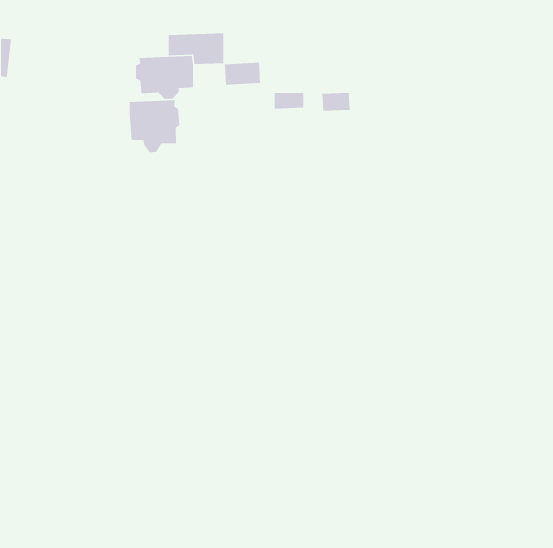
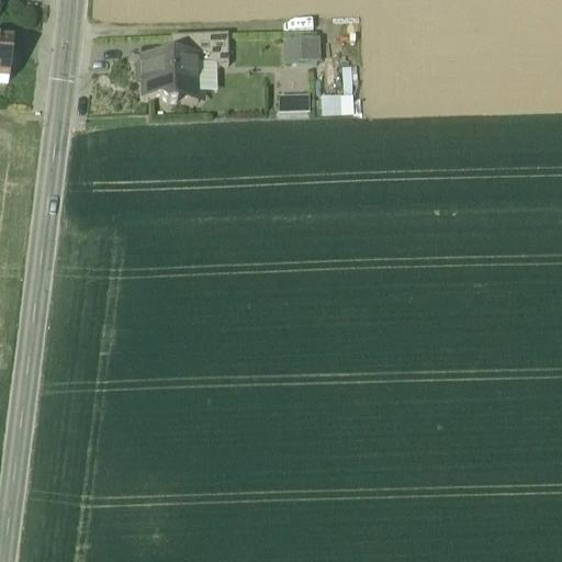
building: [224,62,261,86] -> [281,38,318,63]
building: [129,100,180,153] -> none

